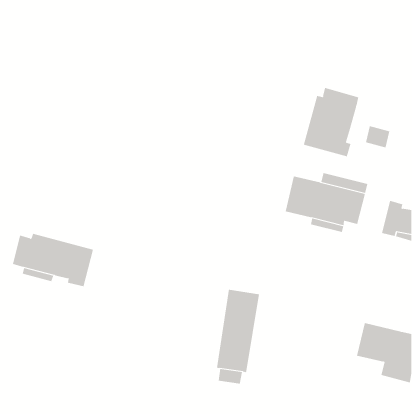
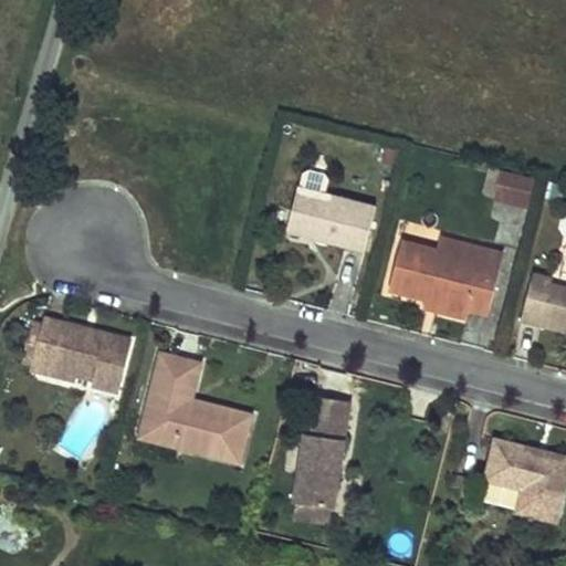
building: [303,87,359,157] -> none
building: none -> [285,168,376,250]
building: none -> [139,352,251,463]

